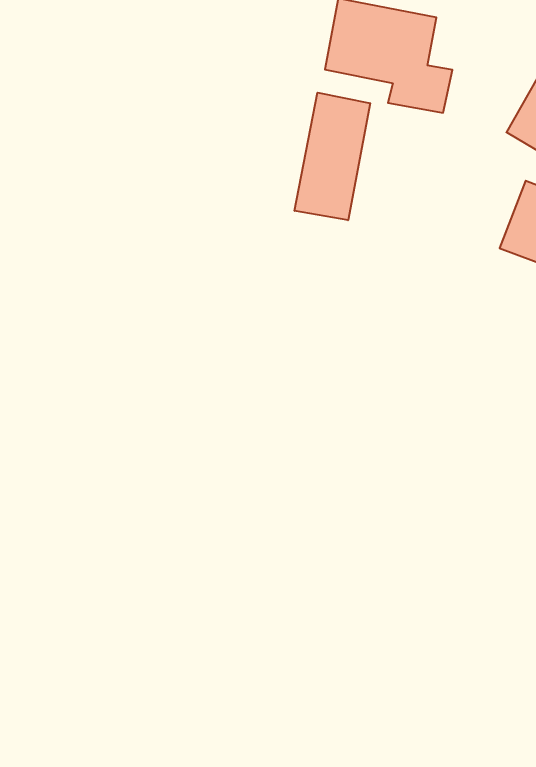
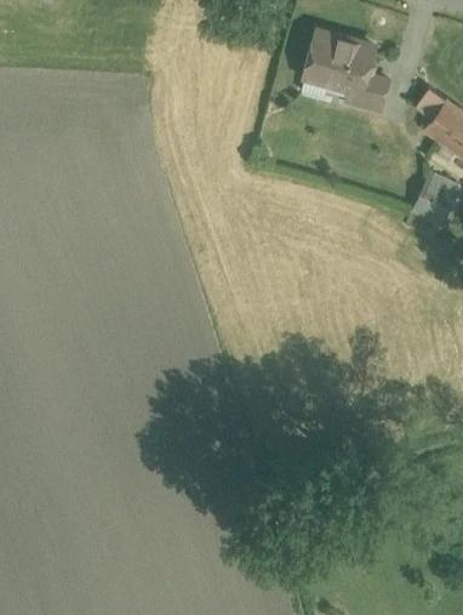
building: [295,93,370,220] -> none

